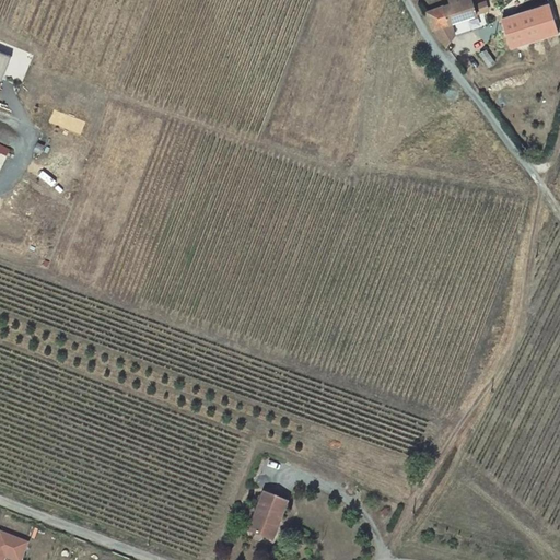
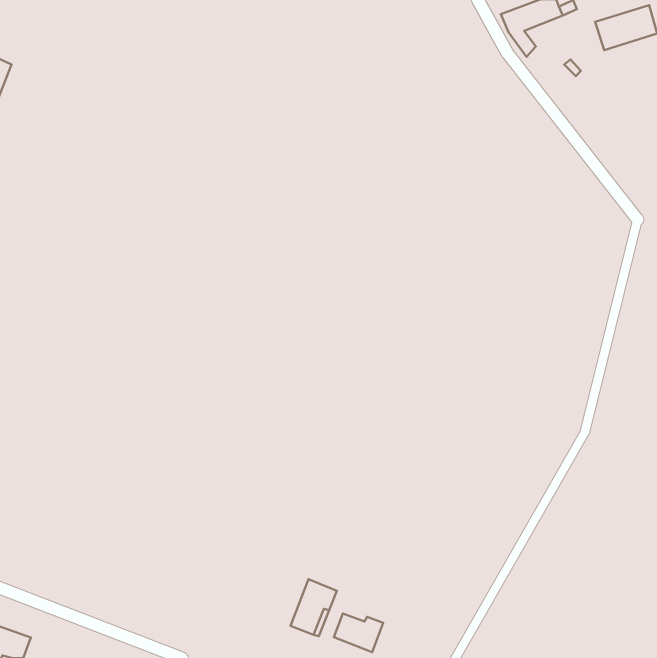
building: none -> [334,613,383,652]

